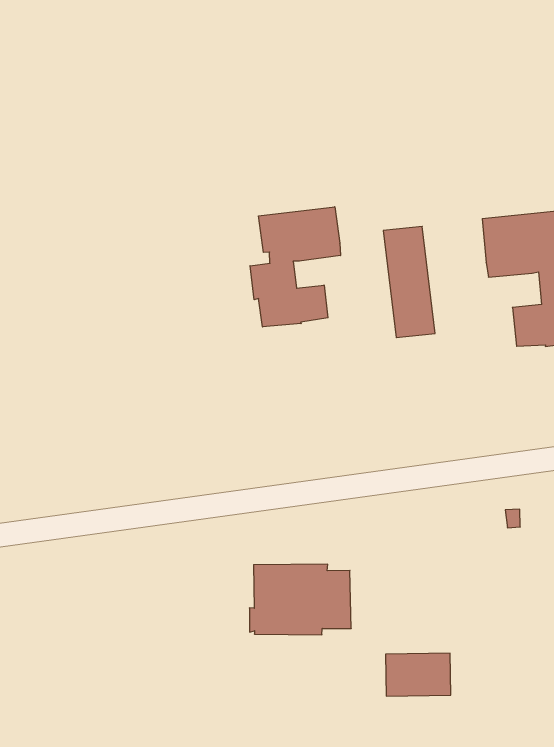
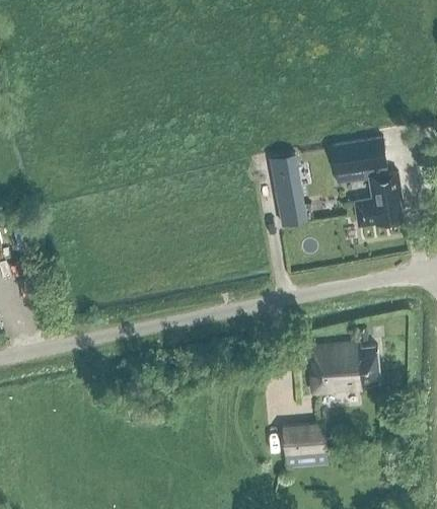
building: [250,207,340,327] -> none
building: [249,564,351,635] -> [314,344,379,390]

